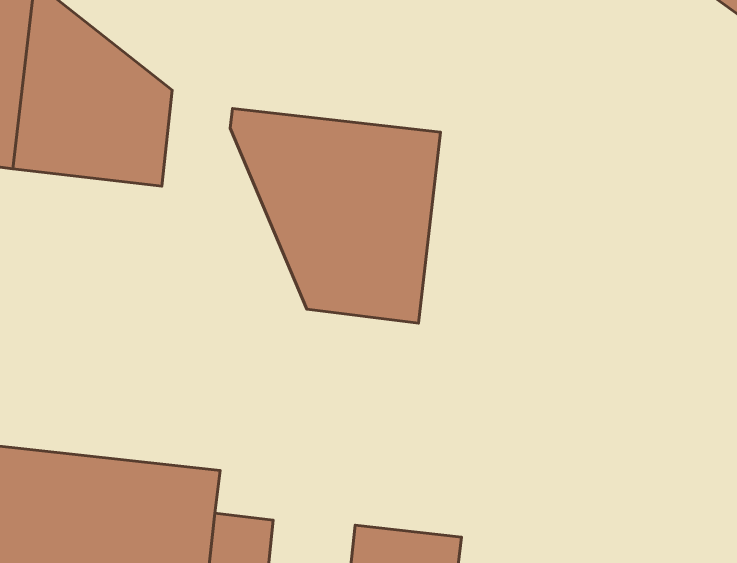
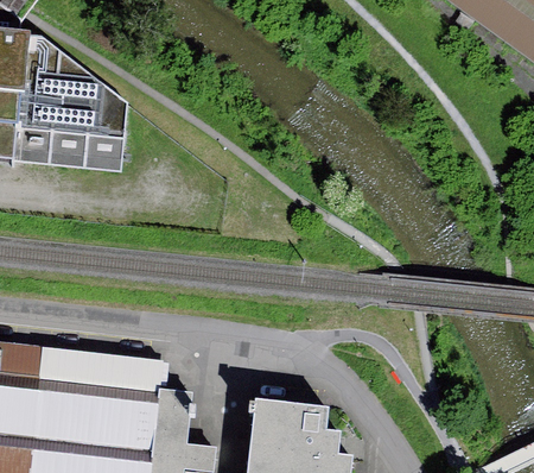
building: [230,108,441,323] -> none

